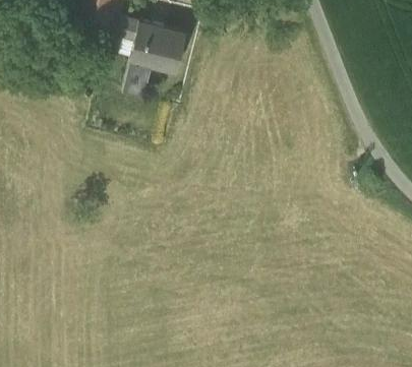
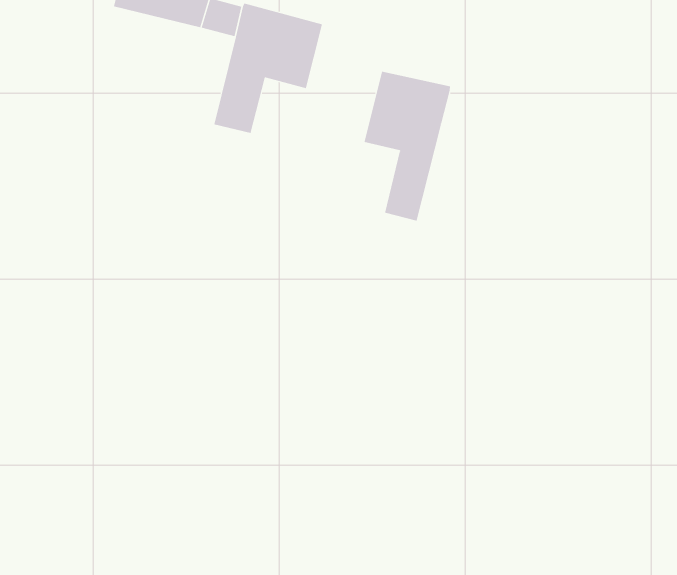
building: none -> [364,71,451,222]

